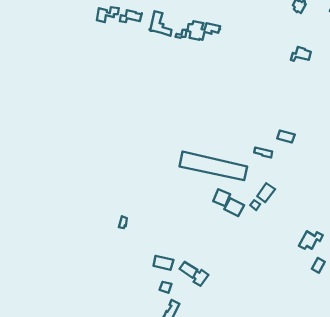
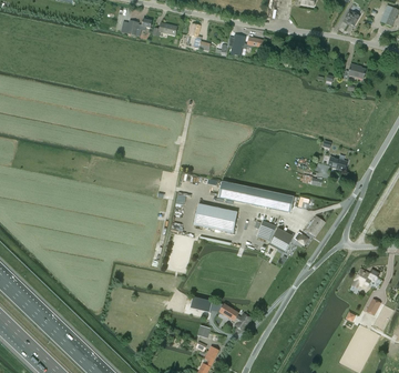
building: none -> [193,202,236,232]

